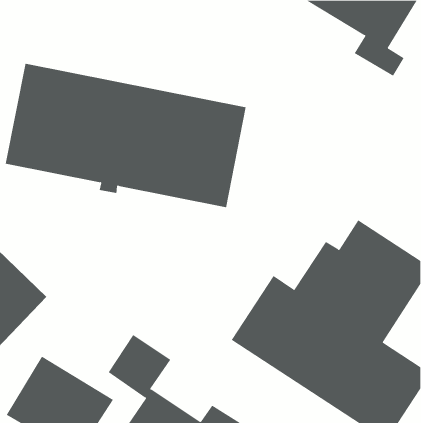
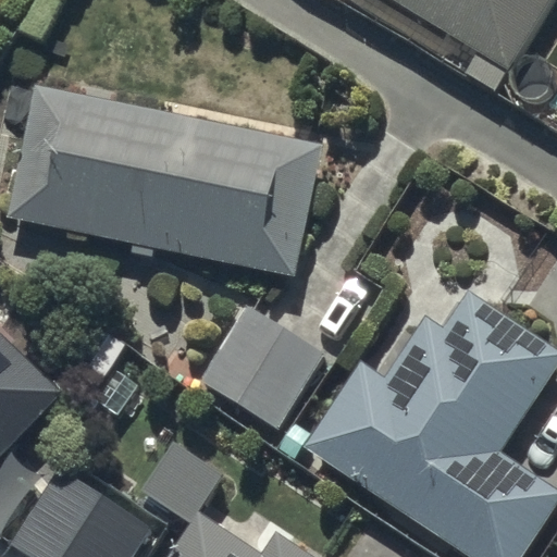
building: none -> [196,302,325,431]

